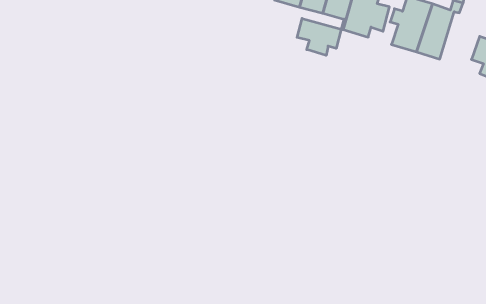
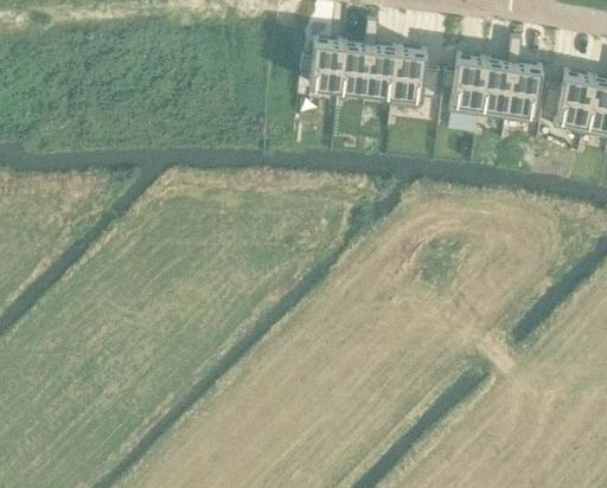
building: none -> [505,64,542,124]
building: [297,18,341,55] -> none

